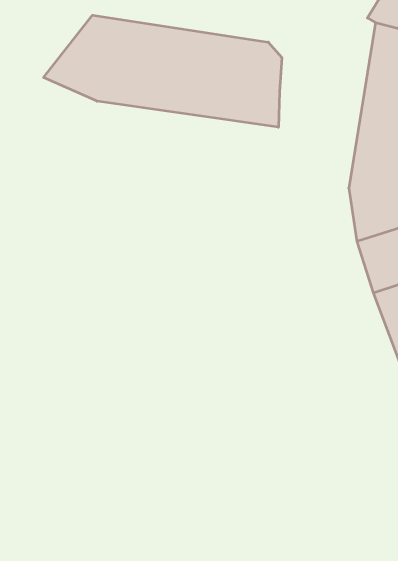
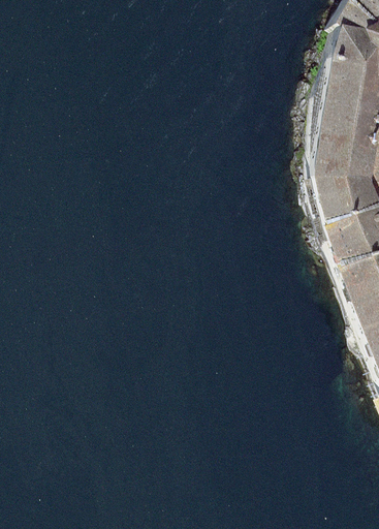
building: [44,15,282,127] -> none

